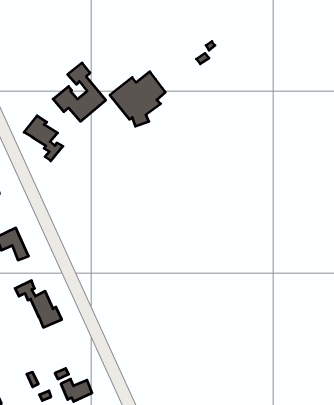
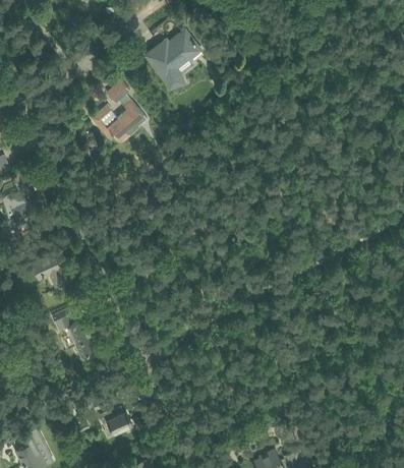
building: [110,72,165,126] -> [142,31,200,87]
building: [24,116,63,161] -> none

